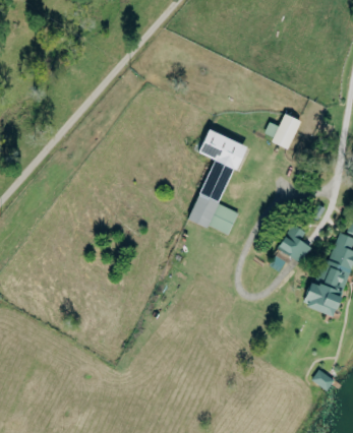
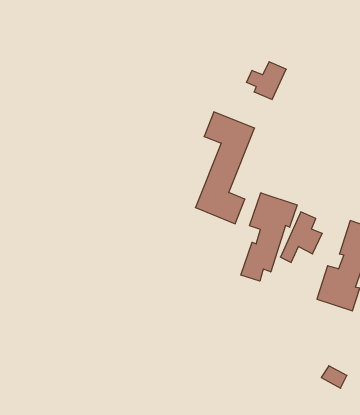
building: [263,113,301,148] -> [246,62,286,99]
building: none -> [241,193,297,281]

